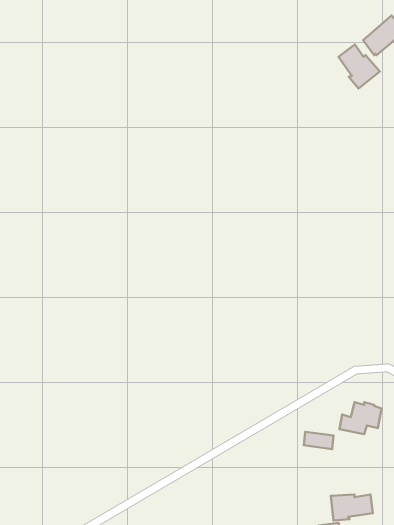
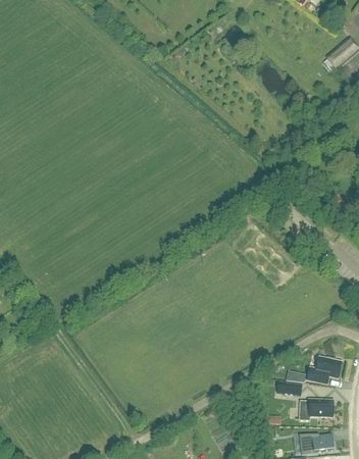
building: [339,45,380,88] -> none
building: none -> [299,399,332,419]

